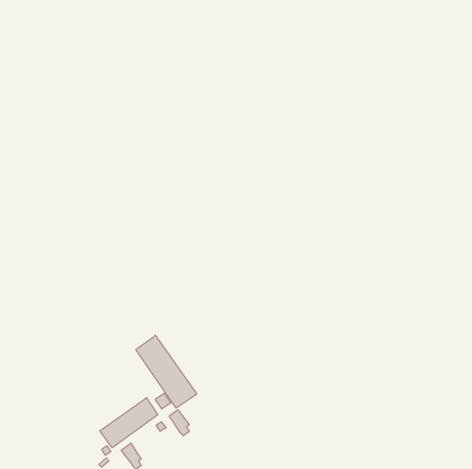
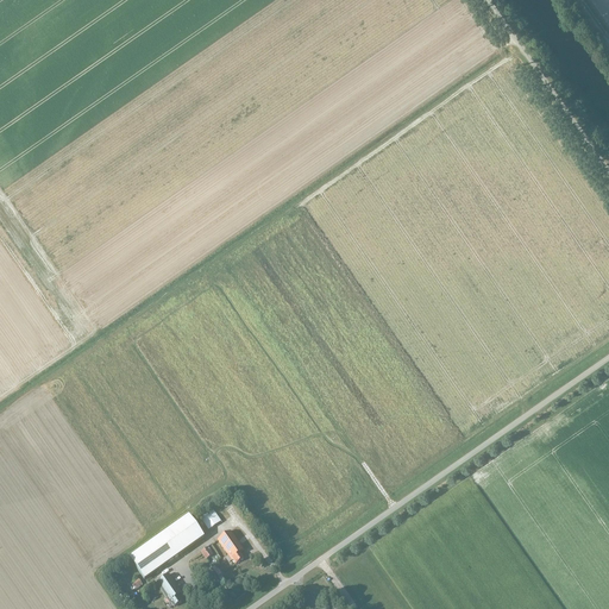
building: [136,335,197,408] -> none

